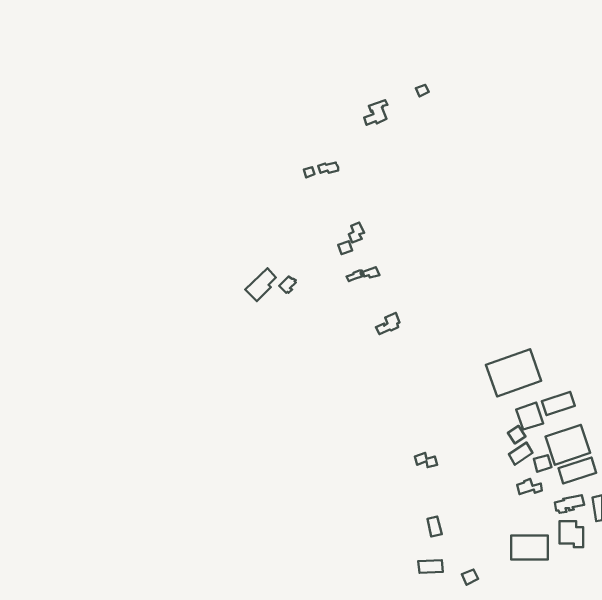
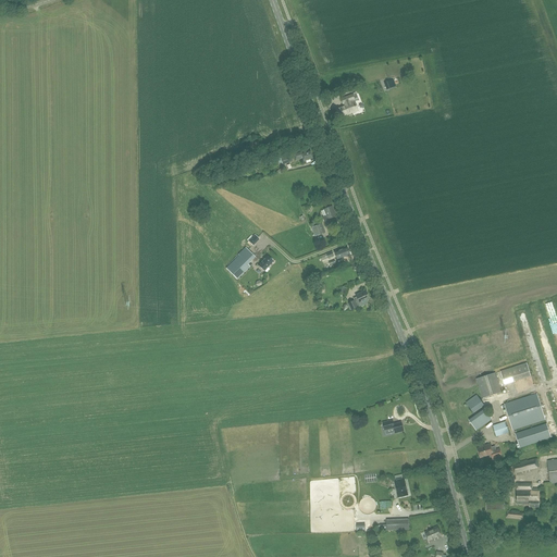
building: [486,349,541,396] -> none
building: [511,536,548,560] -> none

